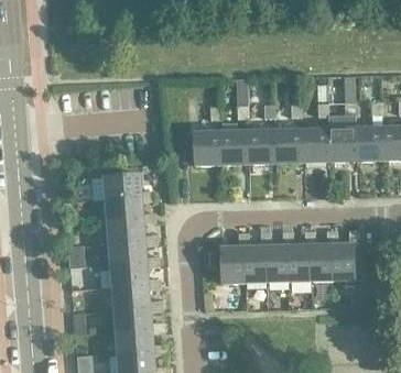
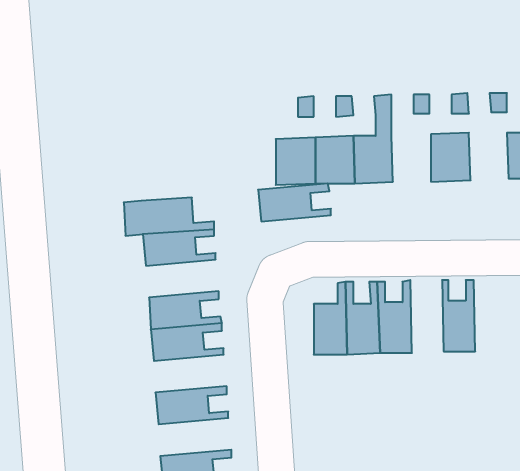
building: [329,128,357,161] -> none
building: [275,129,303,162] -> none
building: [105,216,155,242] -> [258,183,331,221]
building: [333,229,359,279] -> none
building: [289,230,312,281] -> none
building: [110,282,161,308] -> none
building: [113,326,164,352] -> none

